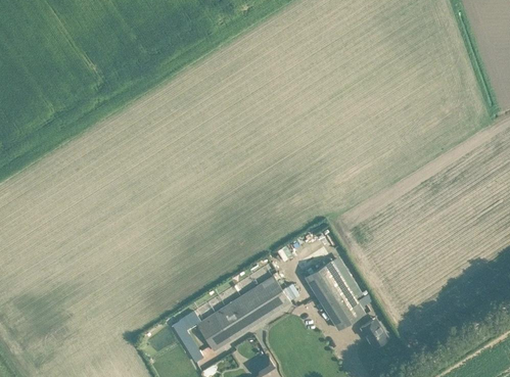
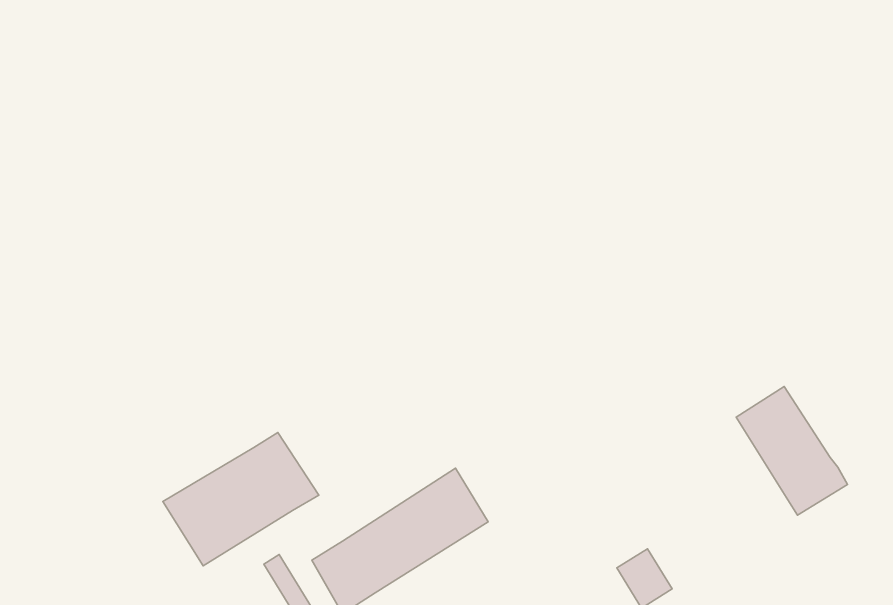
building: none -> [163,433,319,566]
building: [306,261,365,329] -> [736,387,847,515]

